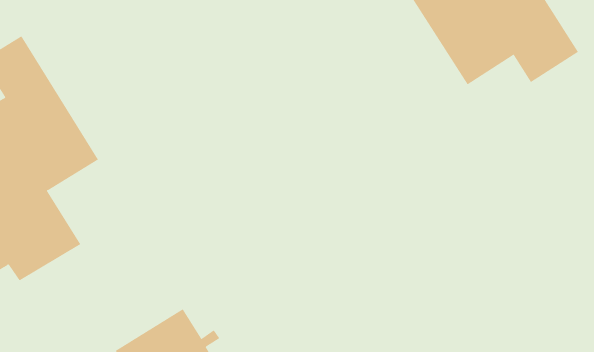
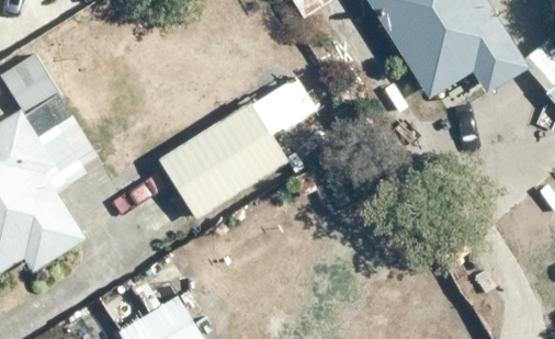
building: none -> [159,77,315,219]

